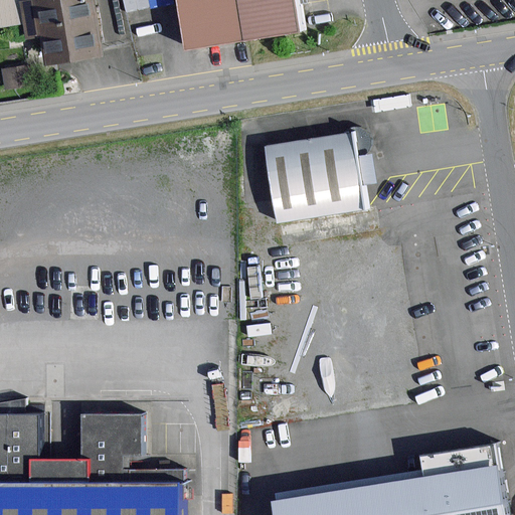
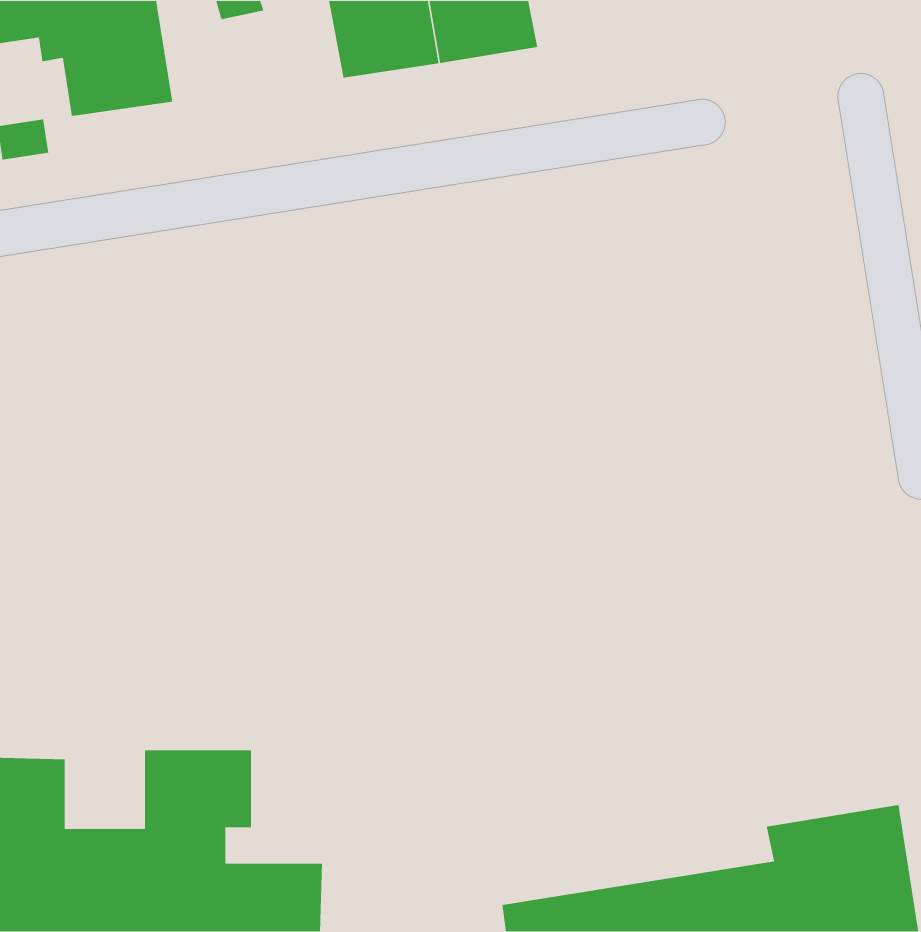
building: [264,124,366,217] -> none

